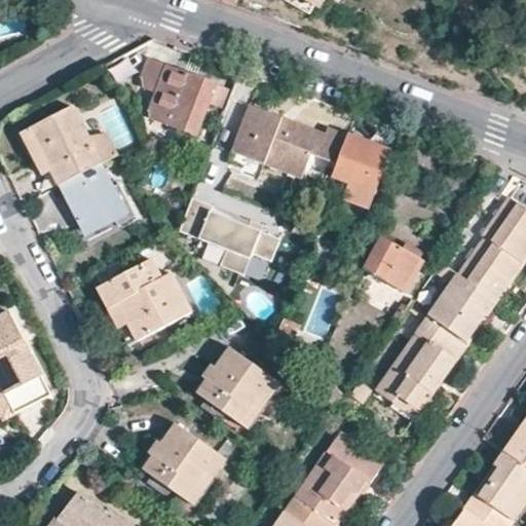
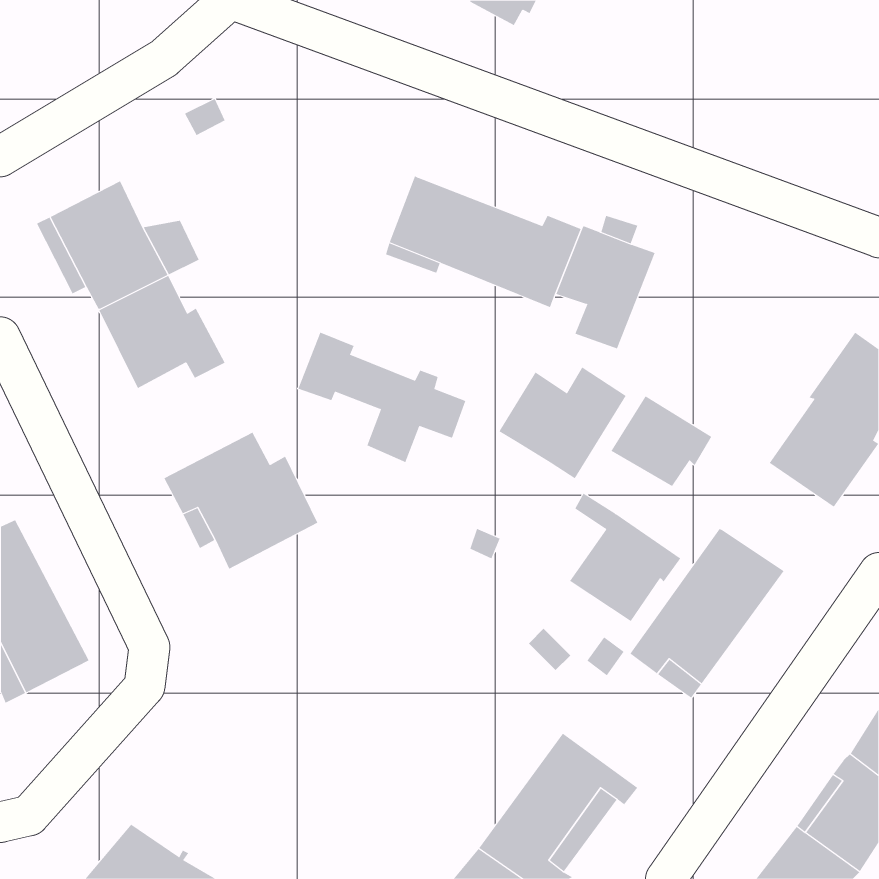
building: [140,59,226,135] -> none
building: none -> [499,367,627,479]
building: [431,264,498,341] -> [569,493,681,622]
building: [198,347,279,429] -> none
building: [143,423,226,505] -> none

